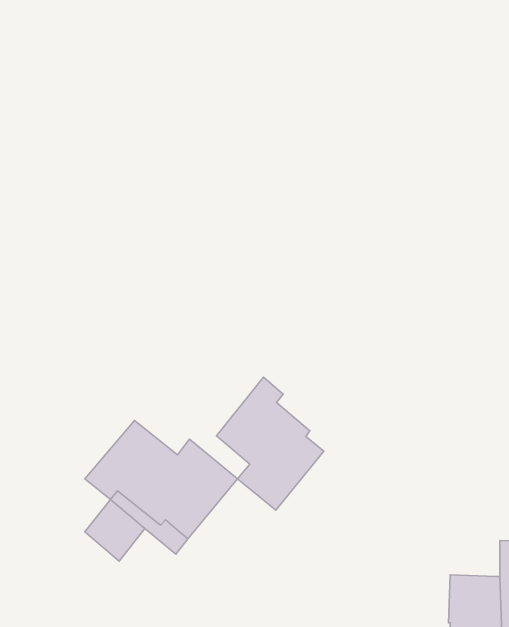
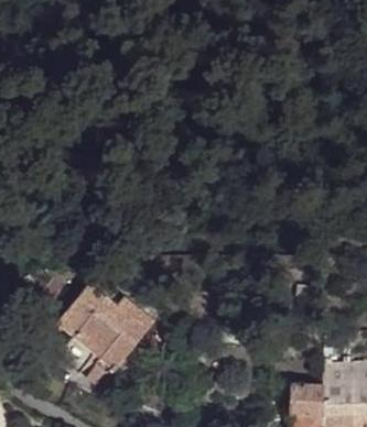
building: [217,377,324,510] -> none

